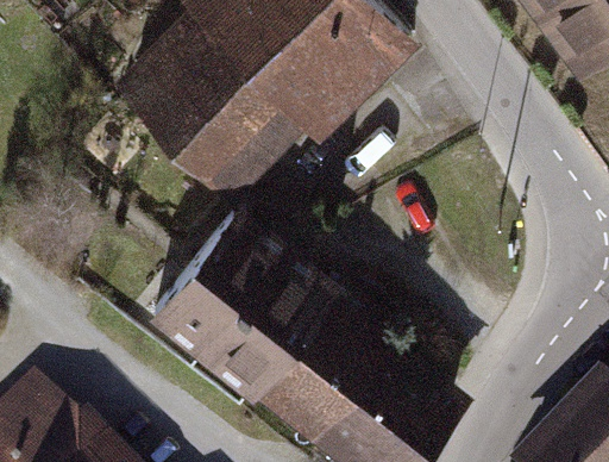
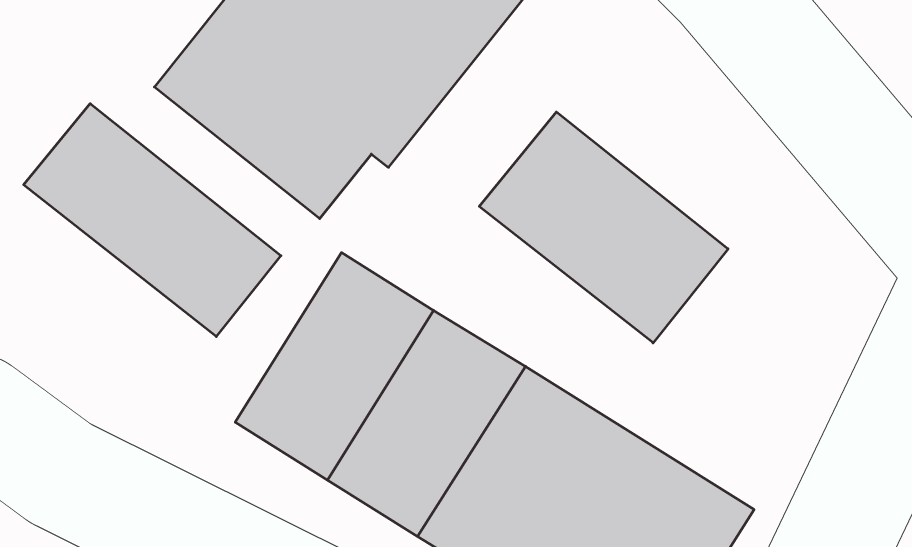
building: none -> [24,104,281,337]
building: none -> [479,112,728,343]

